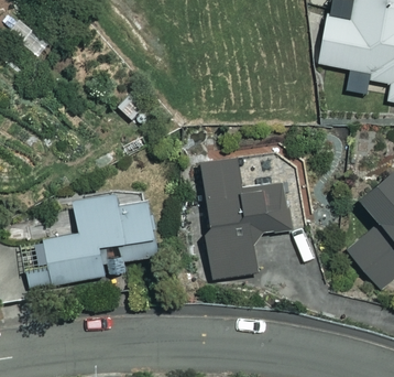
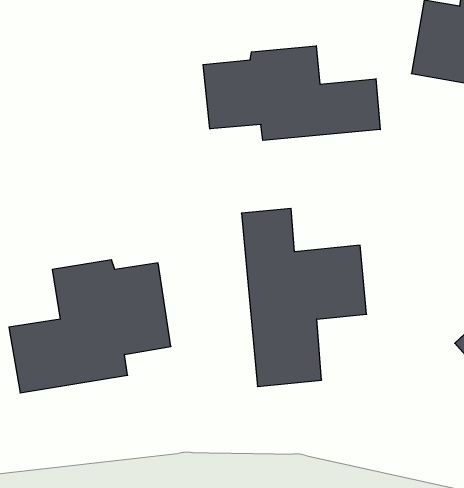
building: none -> [203,46,380,140]

